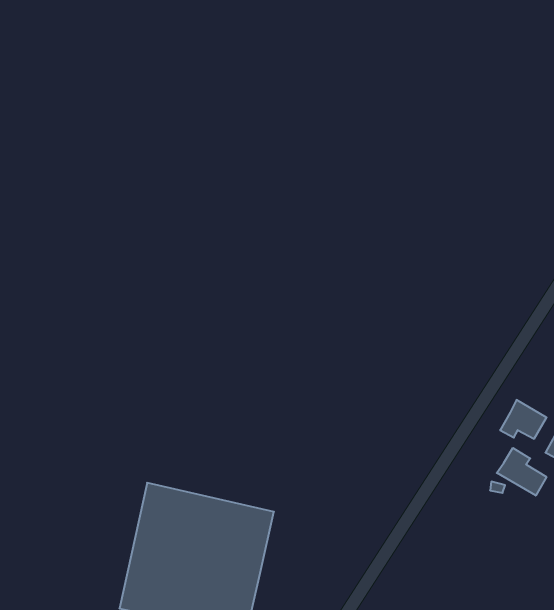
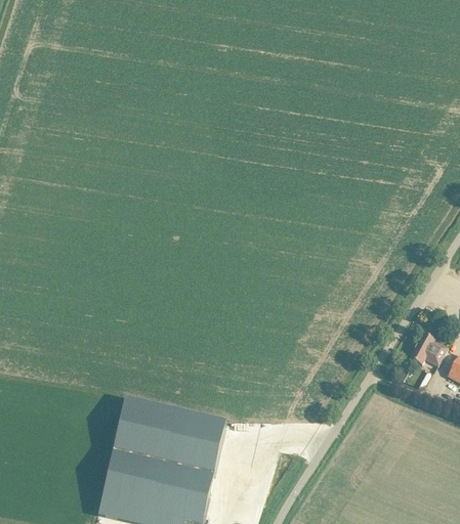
building: [497,448,546,496] -> none

